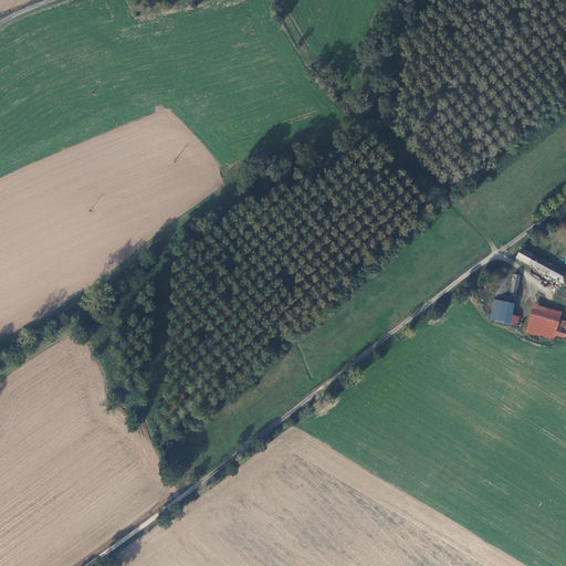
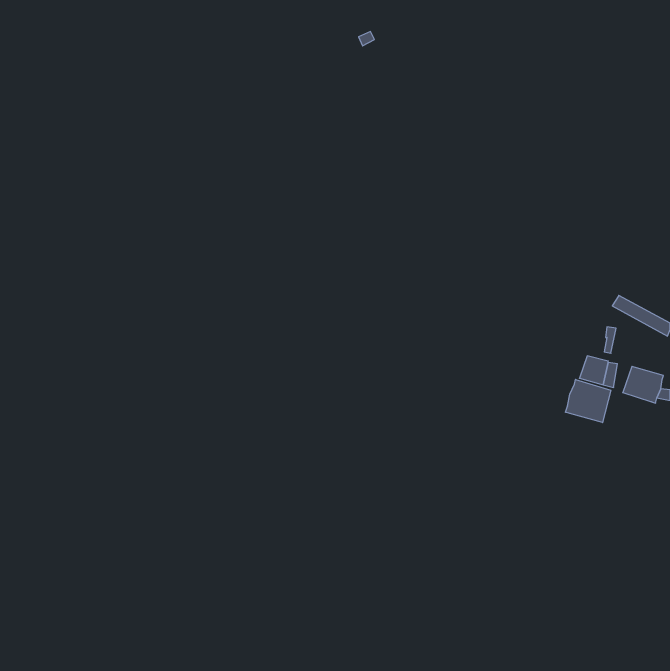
building: none -> [565,379,611,423]

